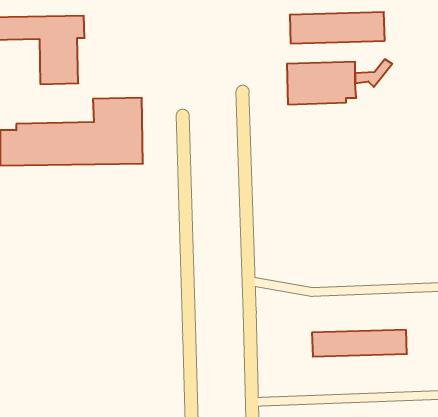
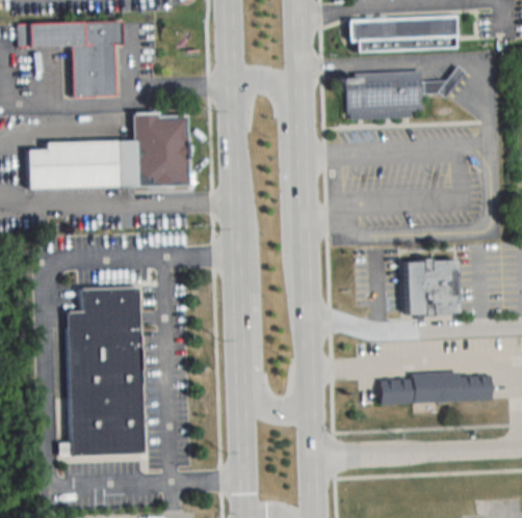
building: none -> [402,260,456,315]
building: none -> [66,288,143,456]

